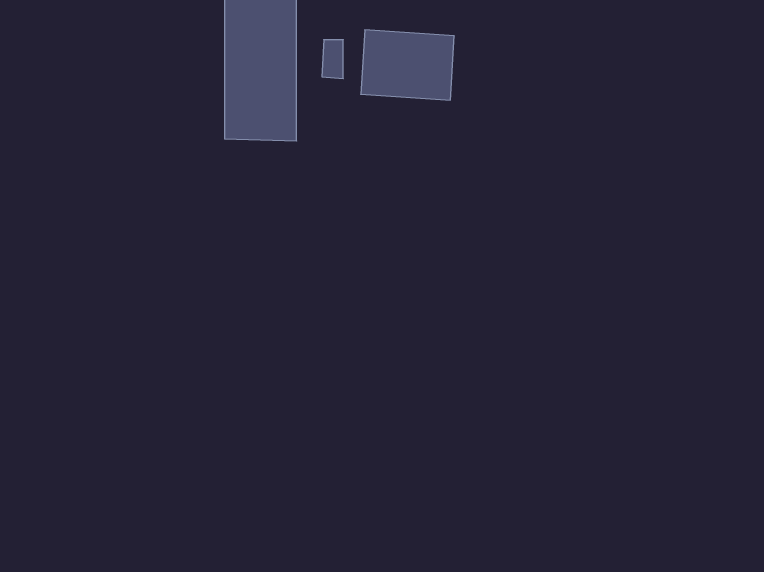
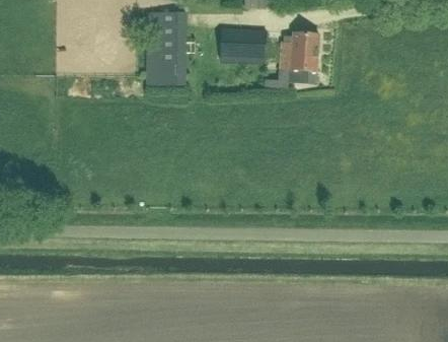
building: none -> [280,32,319,82]

